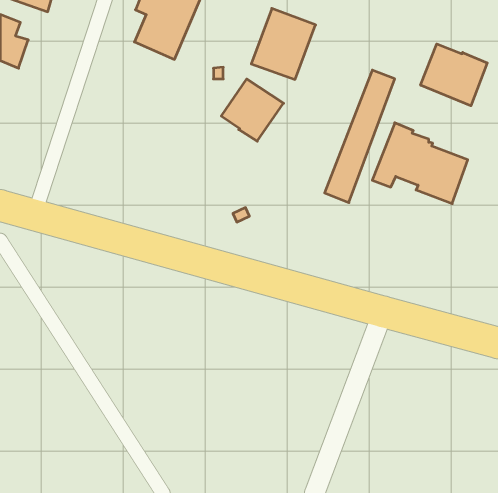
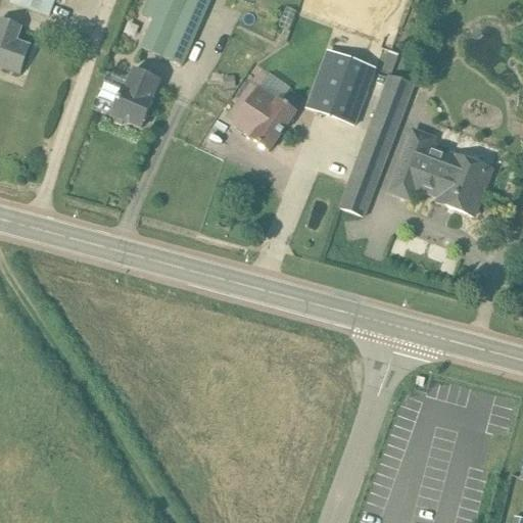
building: [251,8,316,79] -> [308,48,376,123]
building: [421,44,487,106] -> none
building: none -> [92,66,160,126]

